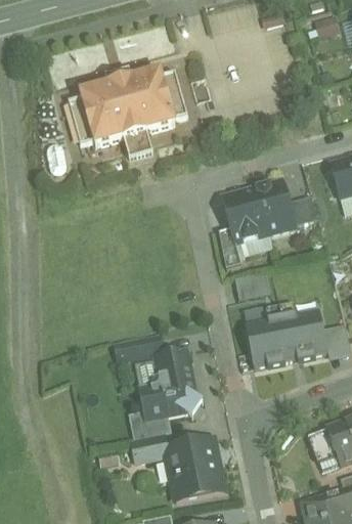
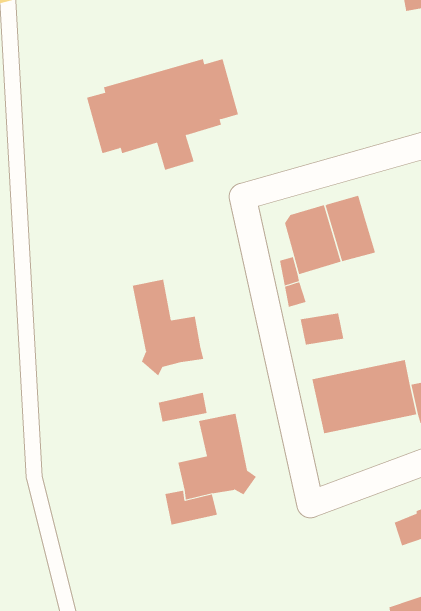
building: [289,194,318,224] -> none
building: none -> [132,279,204,376]
building: [132,435,169,463] -> none
building: [172,439,224,500] -> none

